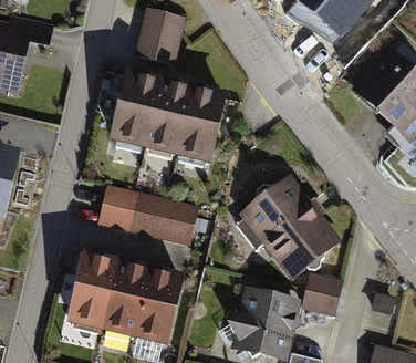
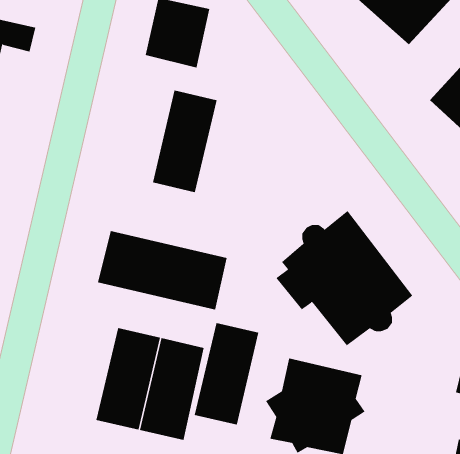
building: [108,70,158,148] -> none
building: [175,85,225,164] -> none
building: [65,251,115,330] -> [194,322,259,425]
building: [304,270,343,311] -> none

